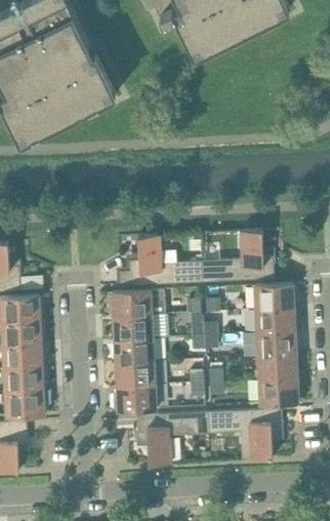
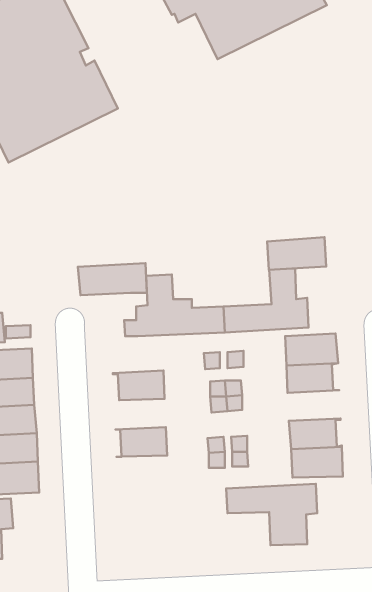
building: none -> [267,237,326,270]
building: [108,289,165,316] -> [78,263,147,295]
building: [255,330,299,356] -> none
building: [111,337,154,363] -> none
building: [113,385,157,410] -> none
building: [135,412,205,464] -> none

